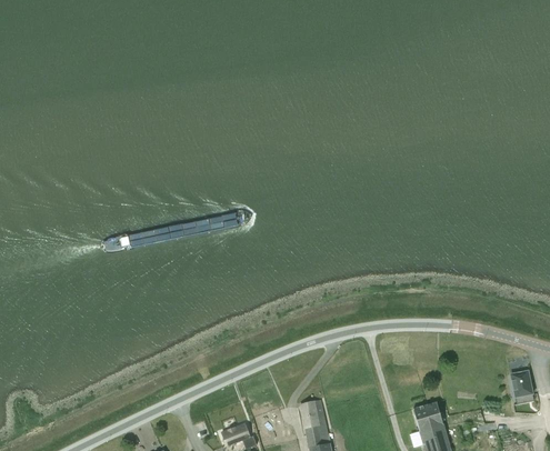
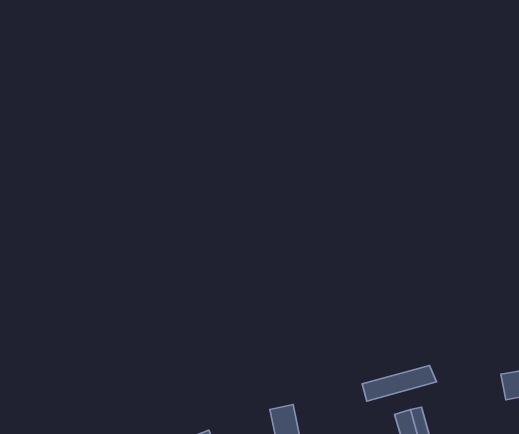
building: none -> [362,365,436,401]

